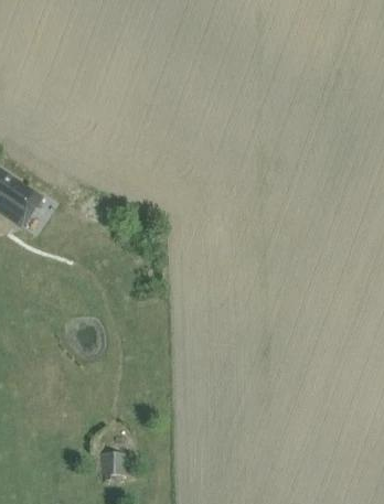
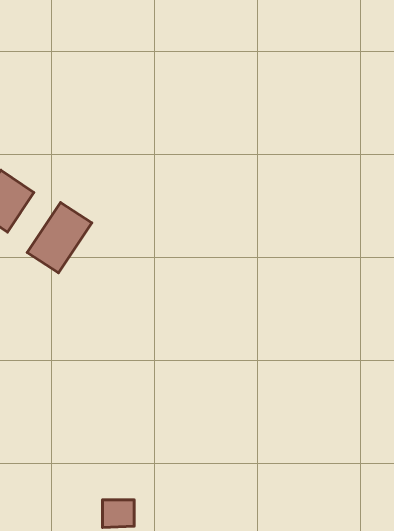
building: none -> [27,203,92,273]

